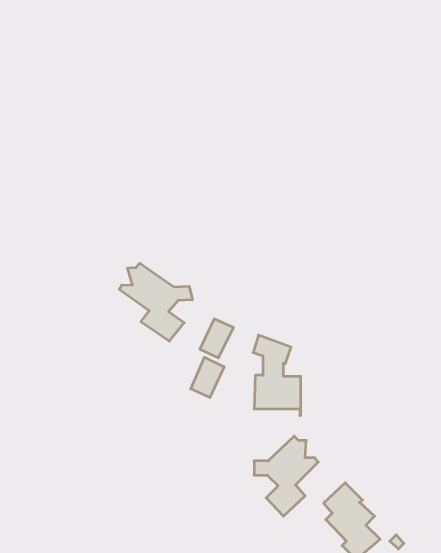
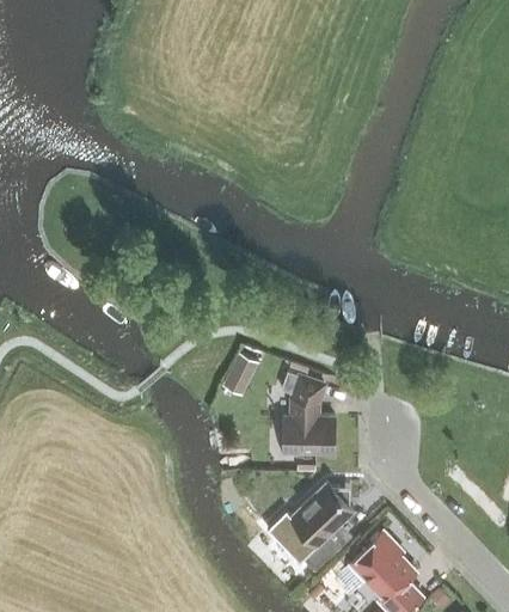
building: [119,263,192,341] -> none
building: [191,357,224,398] -> none

